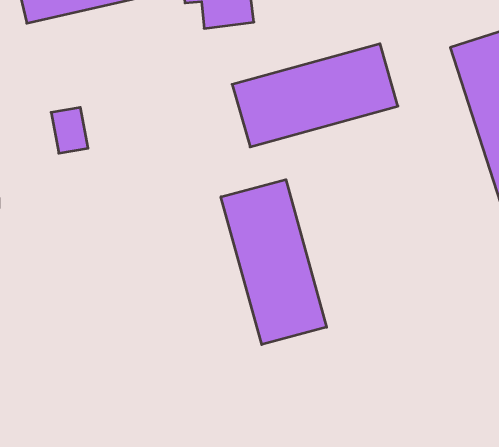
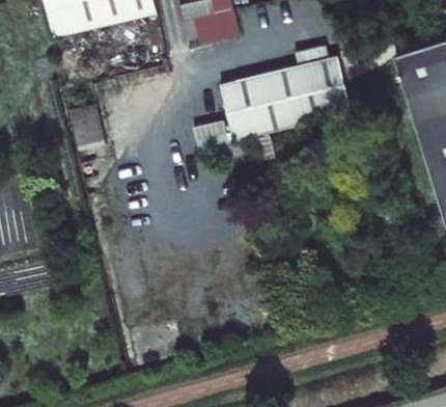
building: [221,180,327,345] -> none

